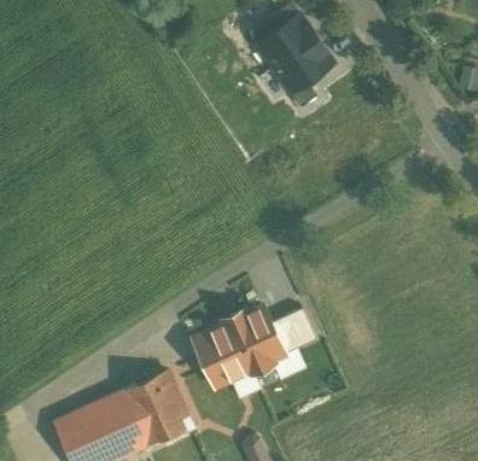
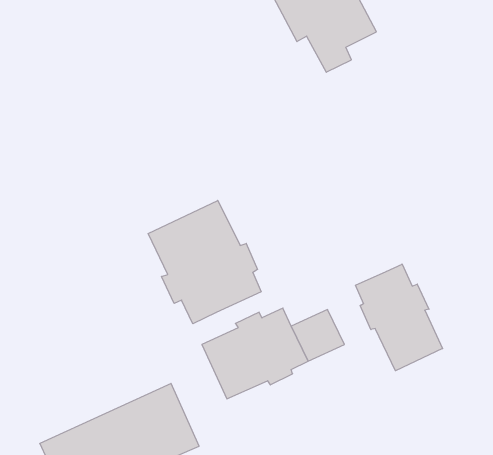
building: none -> [148,200,261,324]
building: none -> [356,264,443,371]

